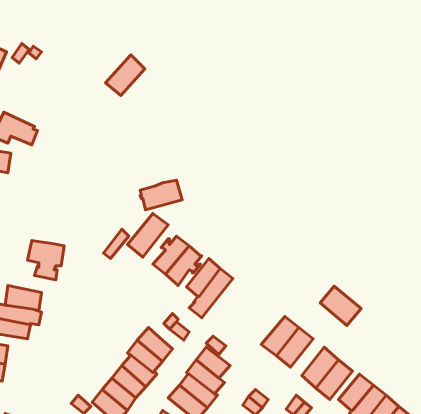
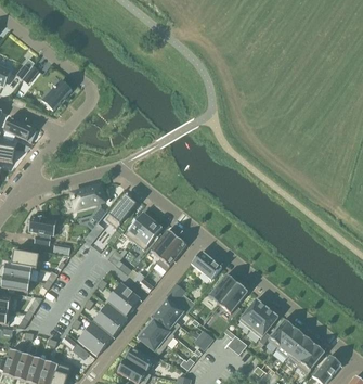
building: [105,55,145,96] -> [41,78,72,110]
building: [140,180,182,210] -> [72,185,104,208]
building: [320,286,361,326] -> [191,249,222,280]

